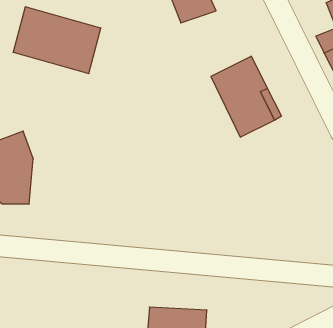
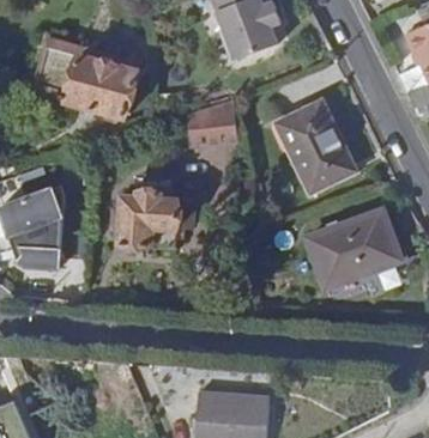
building: none -> [191,95,241,142]
building: none -> [123,189,189,249]
building: none -> [308,208,400,286]

